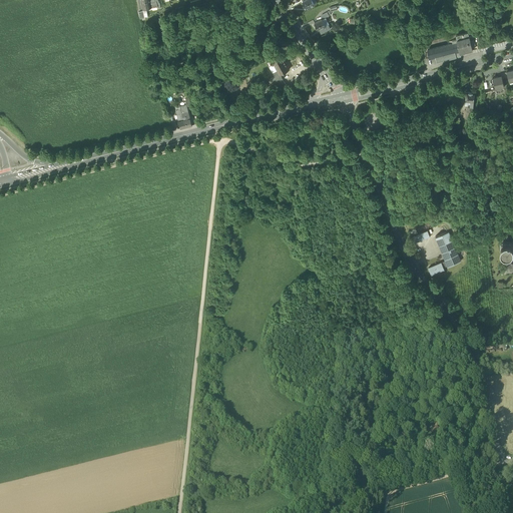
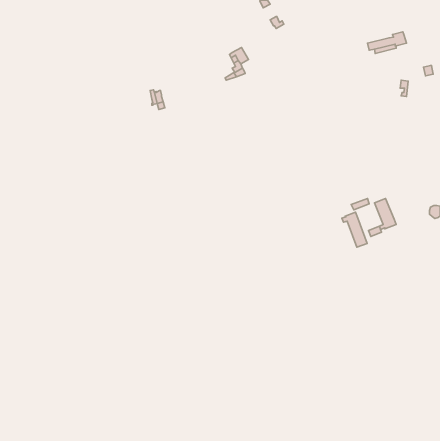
building: none -> [342,212,367,247]

